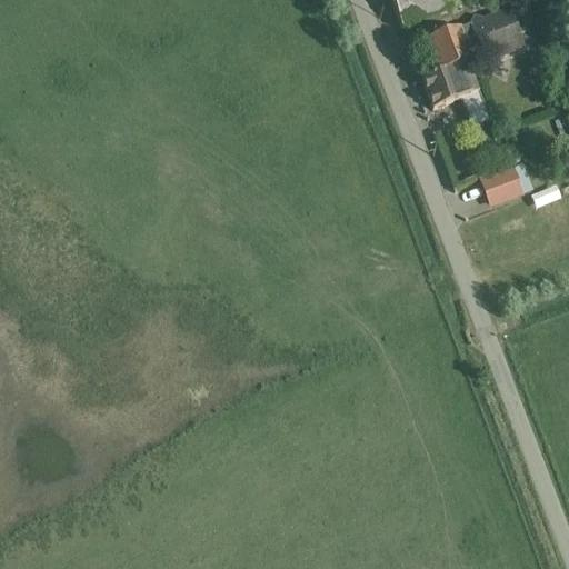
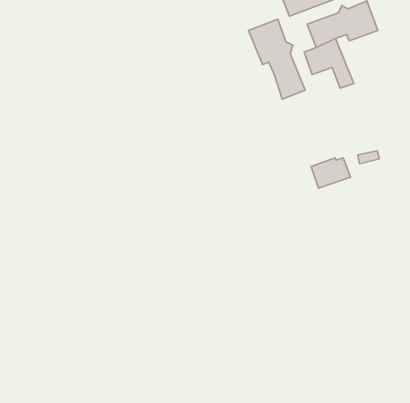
building: none -> [249,19,305,99]
building: [478,158,532,200] -> [311,158,350,188]

